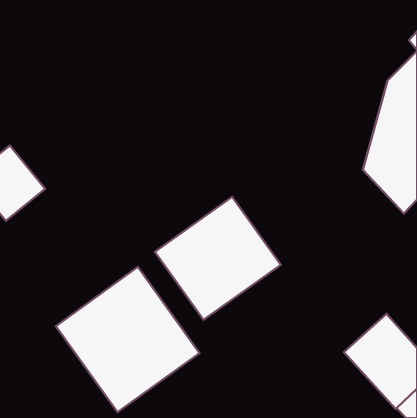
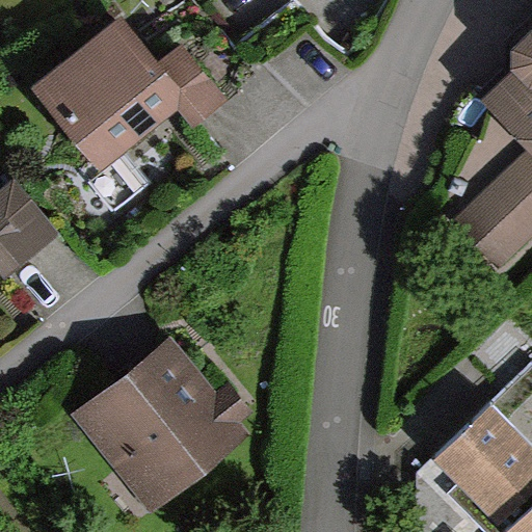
building: none -> [38,14,236,165]
building: [155,197,281,320] -> none

